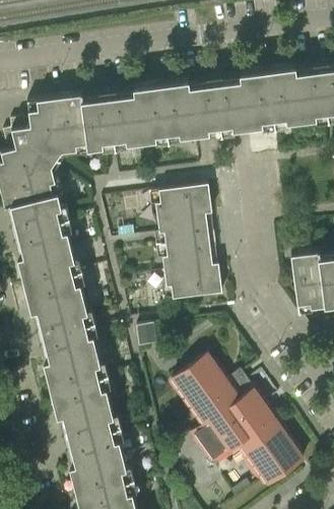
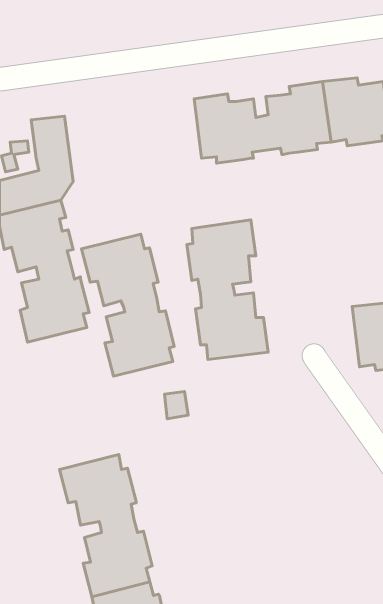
building: [55,87,168,155] -> none
building: [24,275,101,392] -> [81,234,174,376]
building: [172,357,304,488] -> none

